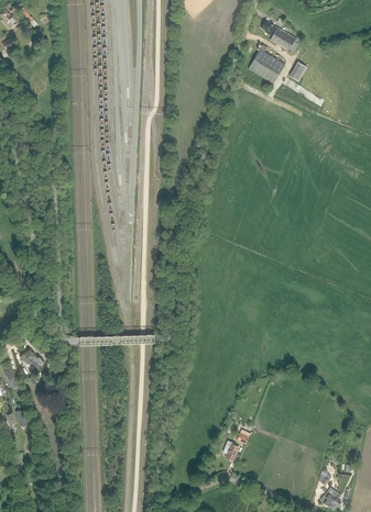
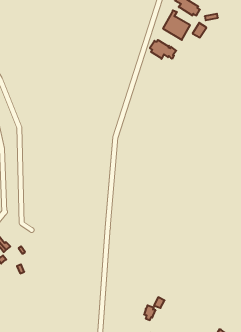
building: none -> [150,40,176,59]

